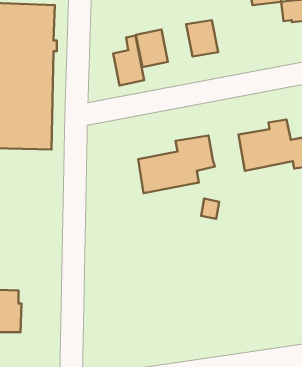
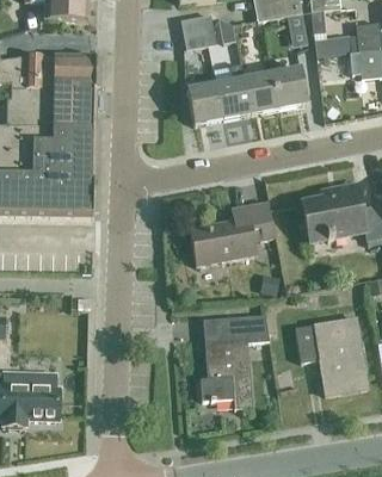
building: none -> [271,66,307,107]
building: [113,35,144,86] -> [215,62,249,118]
building: none -> [201,312,269,404]
building: none -> [294,315,365,392]

